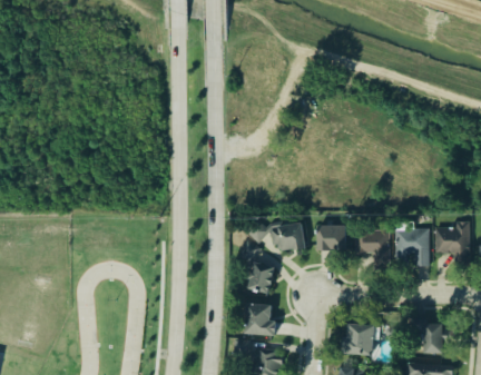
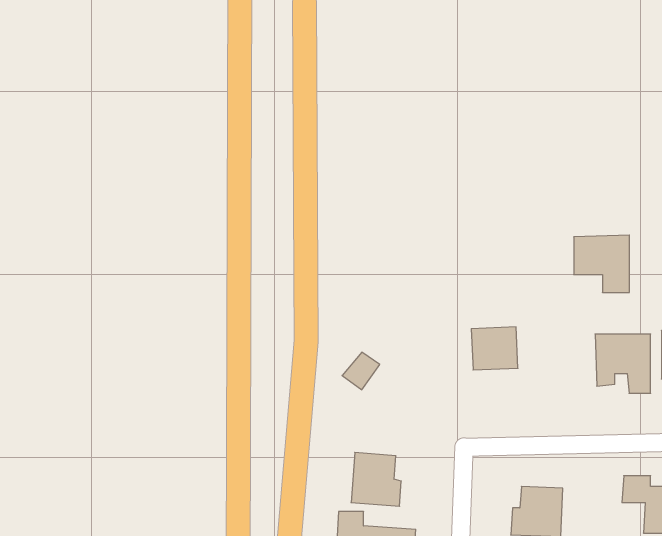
building: [252,223,305,251] -> none
building: [355,230,390,266] -> [574,235,629,292]
building: [245,261,274,294] -> none

